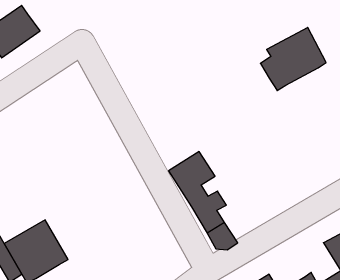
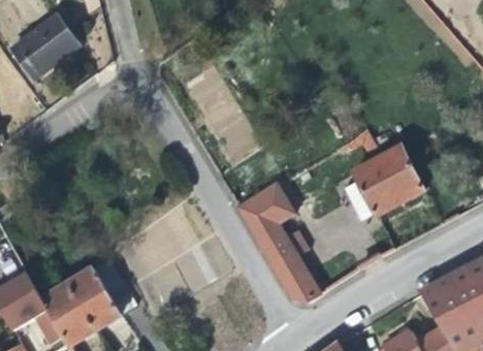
building: [260,27,326,91] -> [345,148,422,222]

